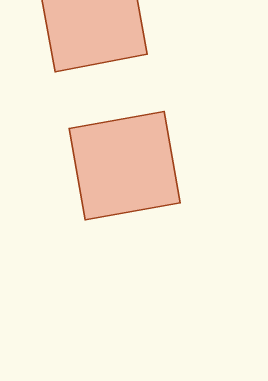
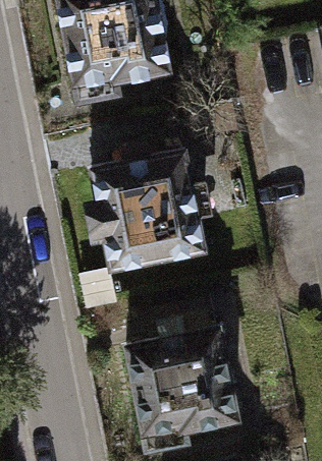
building: none -> [128,322,240,429]

